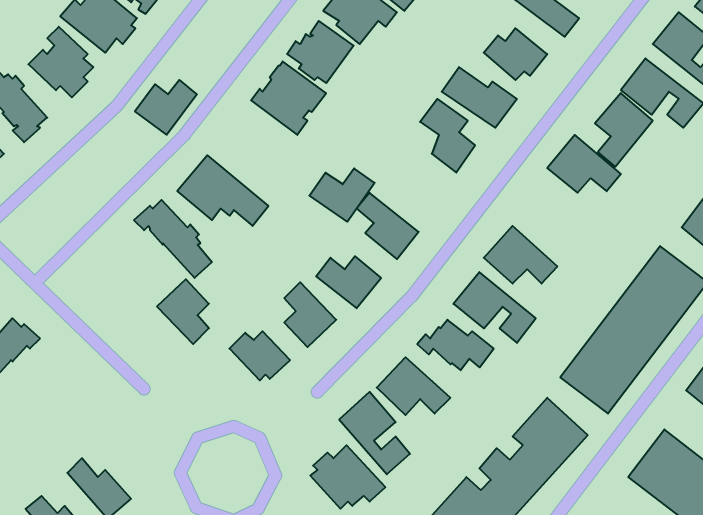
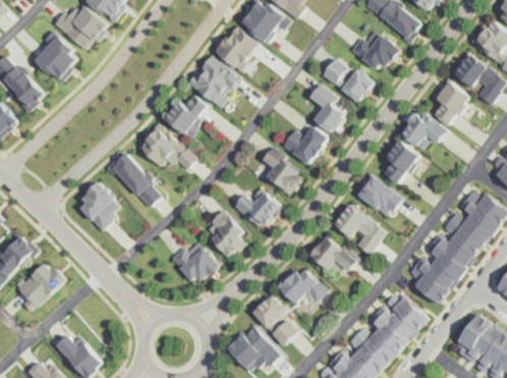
building: [135,80,197,135] -> [163,96,207,134]
building: [309,168,375,222] -> [281,126,327,164]
building: none -> [380,136,421,187]
building: [157,279,209,344] -> [76,183,113,229]
building: none -> [15,263,65,312]

